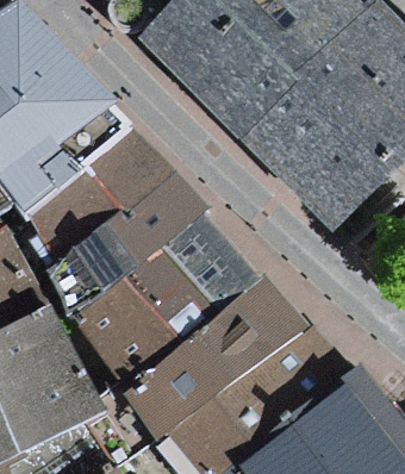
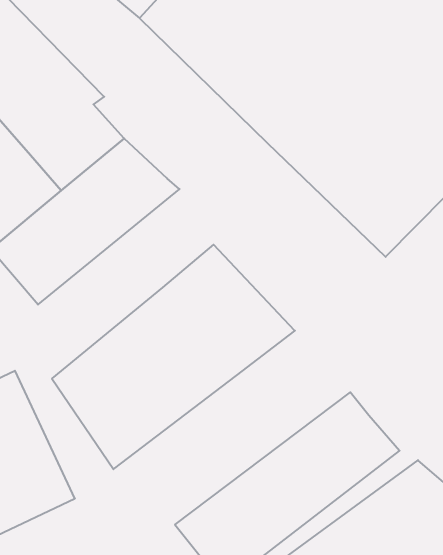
building: [46,170,205,317] -> none
building: [123,280,306,439] -> none

